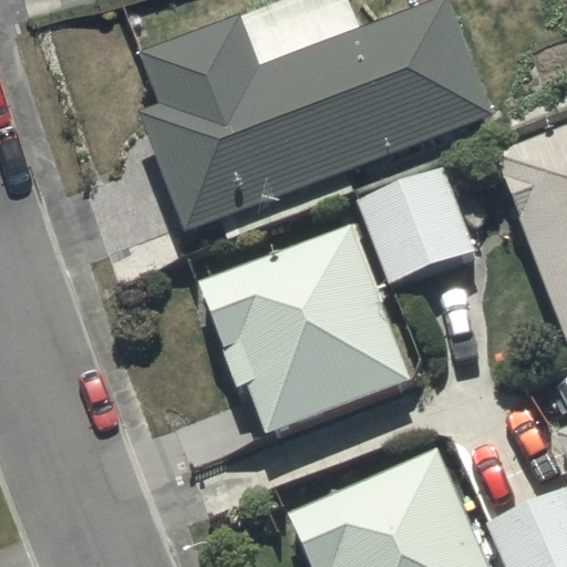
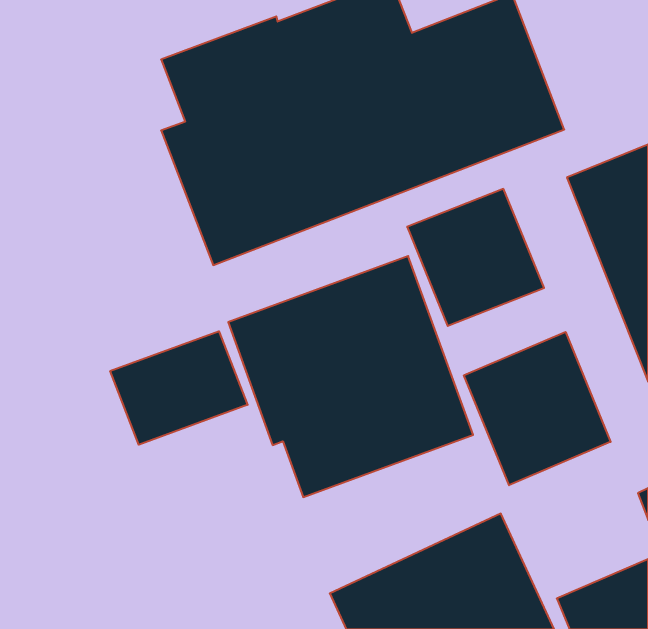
building: none -> [110,331,248,445]
building: none -> [464,332,611,485]

